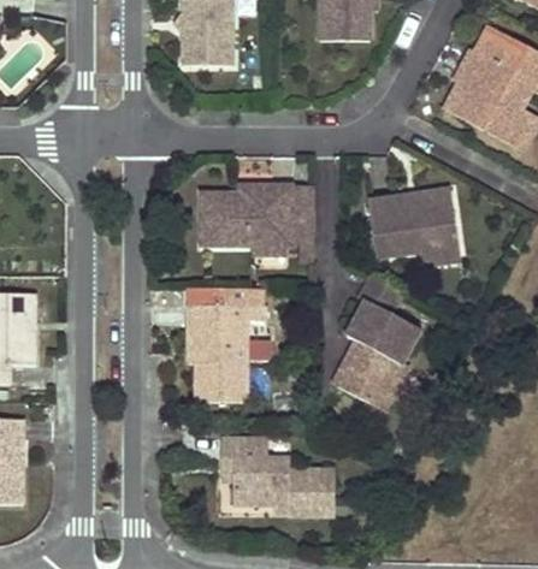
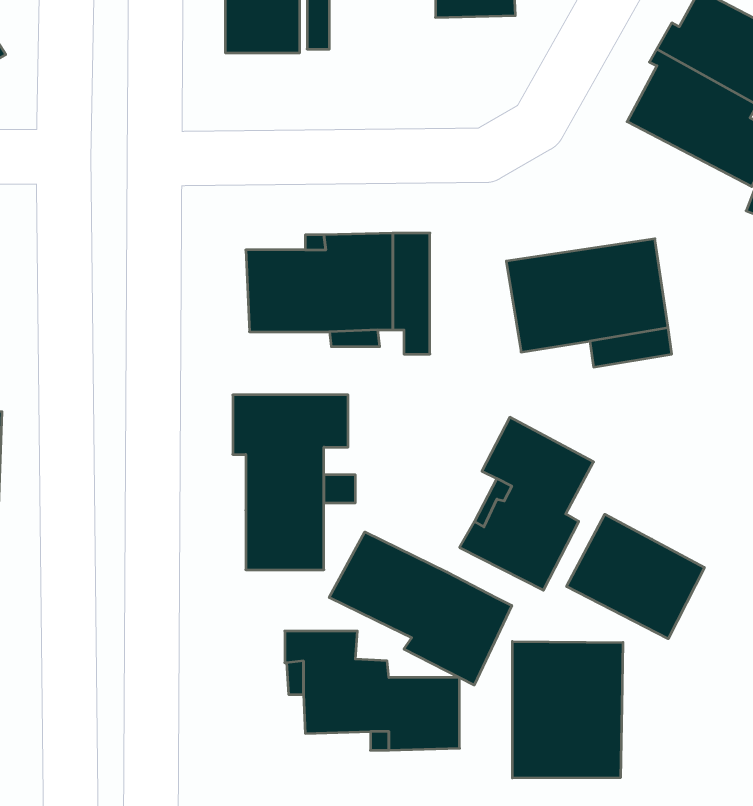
building: none -> [567,514,704,639]
building: none -> [329,532,512,685]
building: none -> [512,641,623,778]

